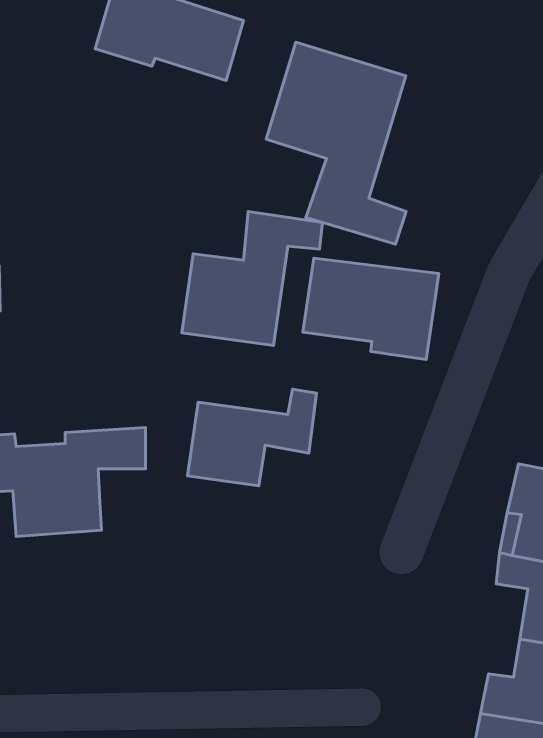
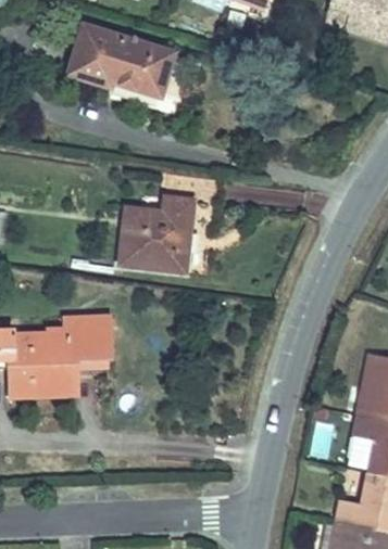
building: [266,42,406,244] -> none
building: [303,258,439,359] -> none
building: [188,389,316,486] -> none

